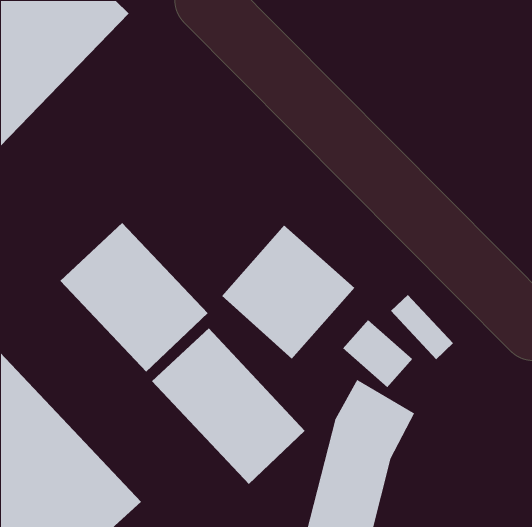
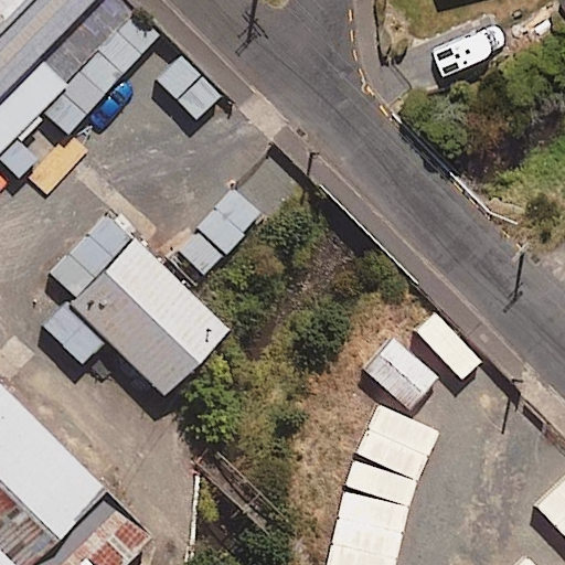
building: [221,225,355,359] -> none
building: [151,327,305,485] -> none

